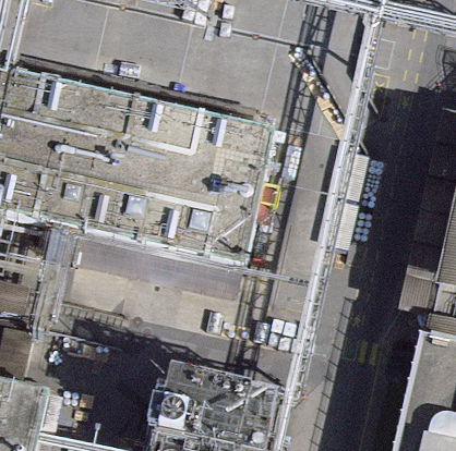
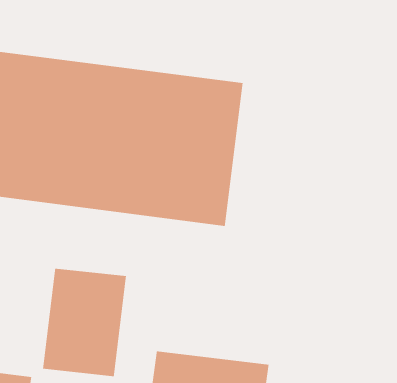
building: none -> [42,268,127,377]

